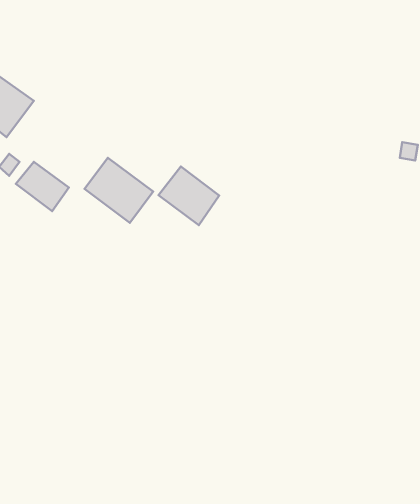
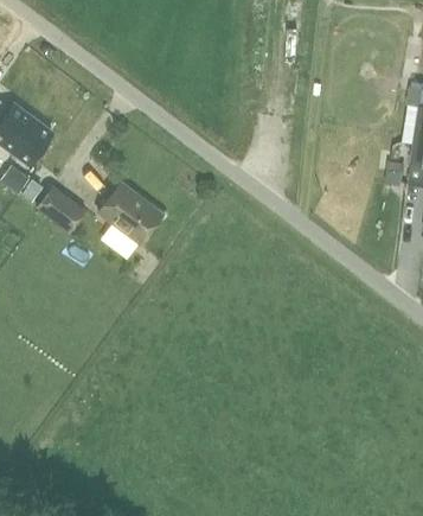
building: [159,166,219,225] -> none

